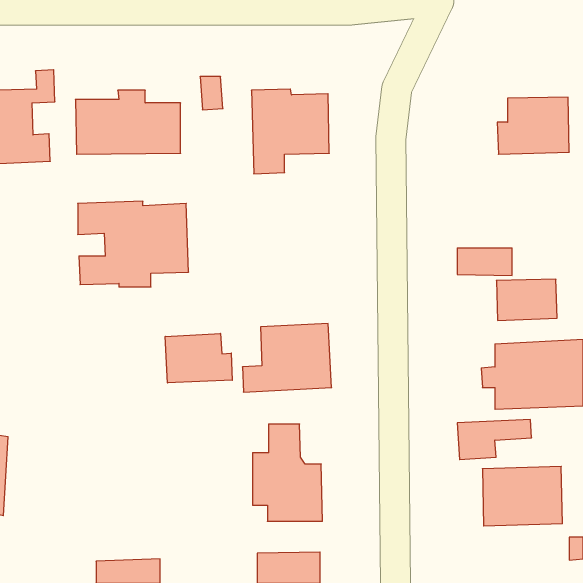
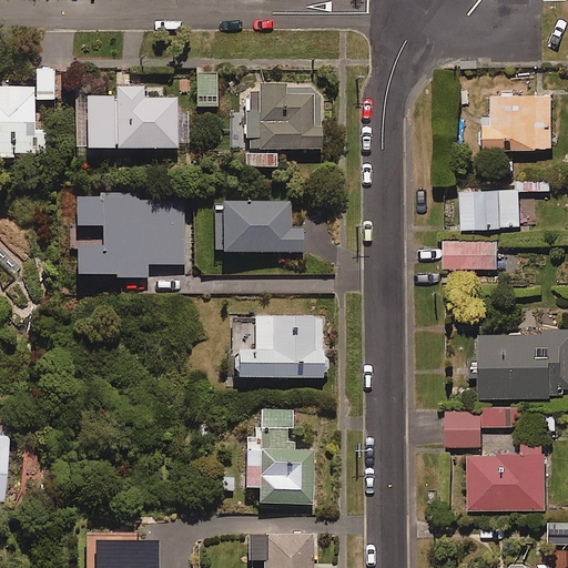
building: none -> [216,202,301,252]
building: [496,279,557,320] -> [460,189,519,229]
building: [165,333,232,383] -> none

